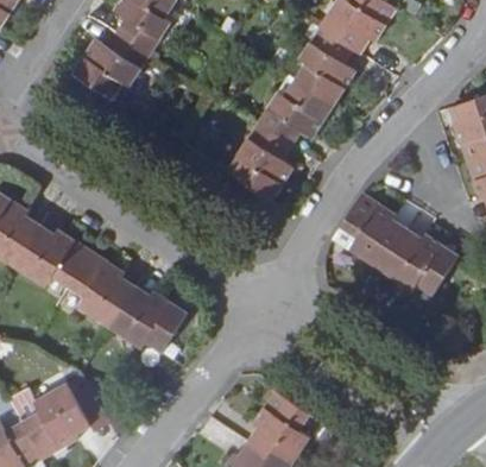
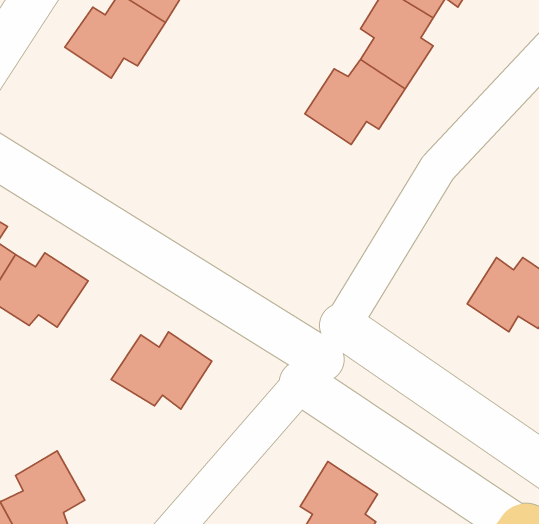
building: [236,124,294,201] -> none
building: [341,194,404,270] -> none
building: [67,252,131,328] -> none

